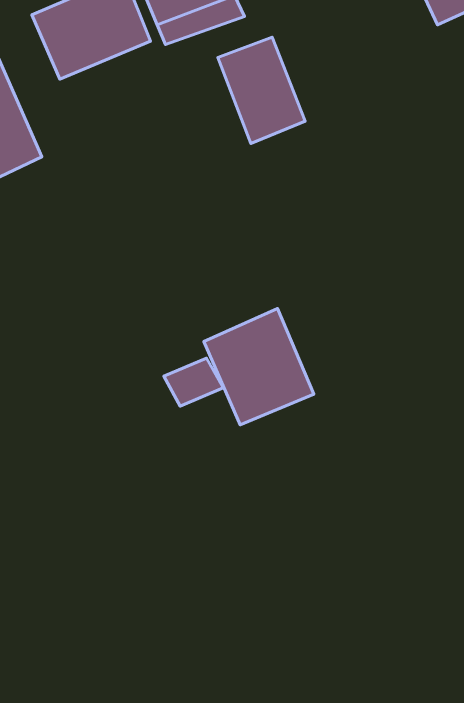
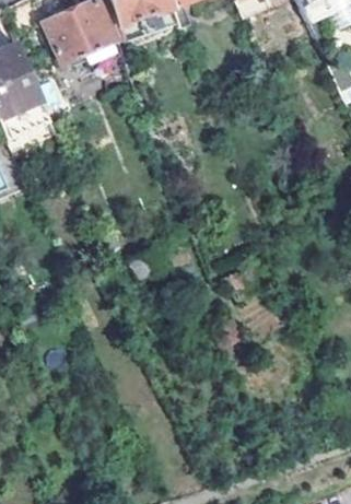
building: [218,37,305,144] -> none
building: [204,309,314,425] -> none

